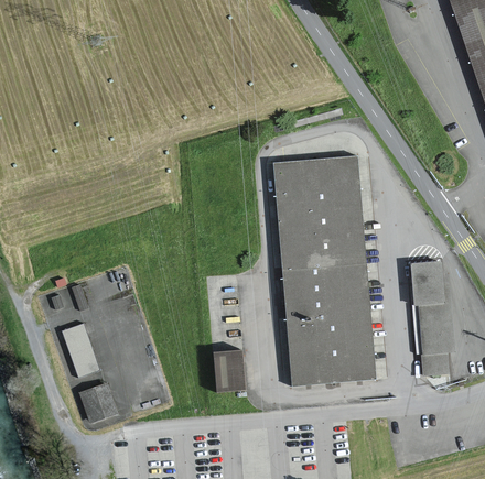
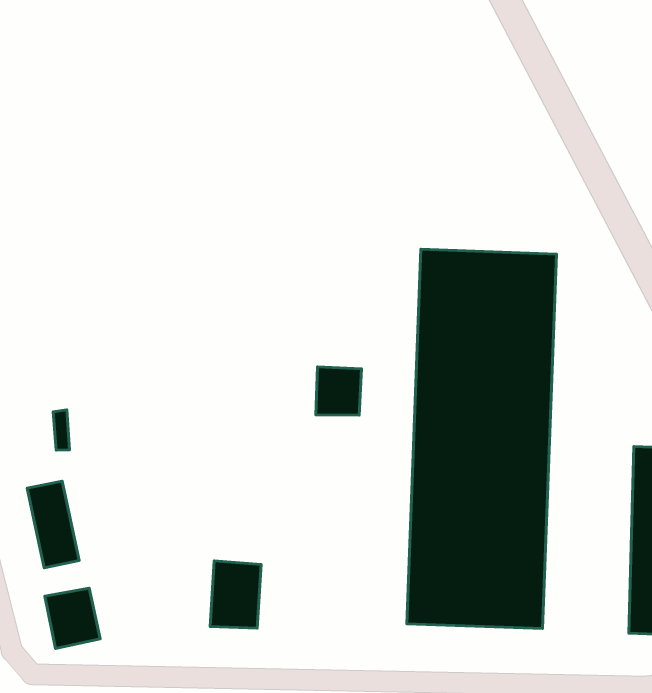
building: none -> [316,367,361,415]
building: [214,351,244,391] -> [210,561,261,628]

